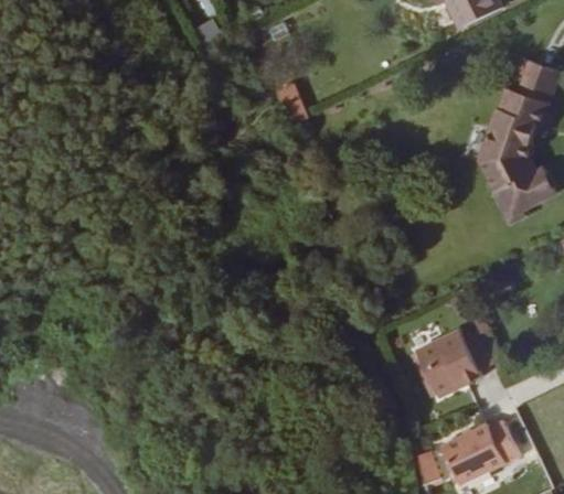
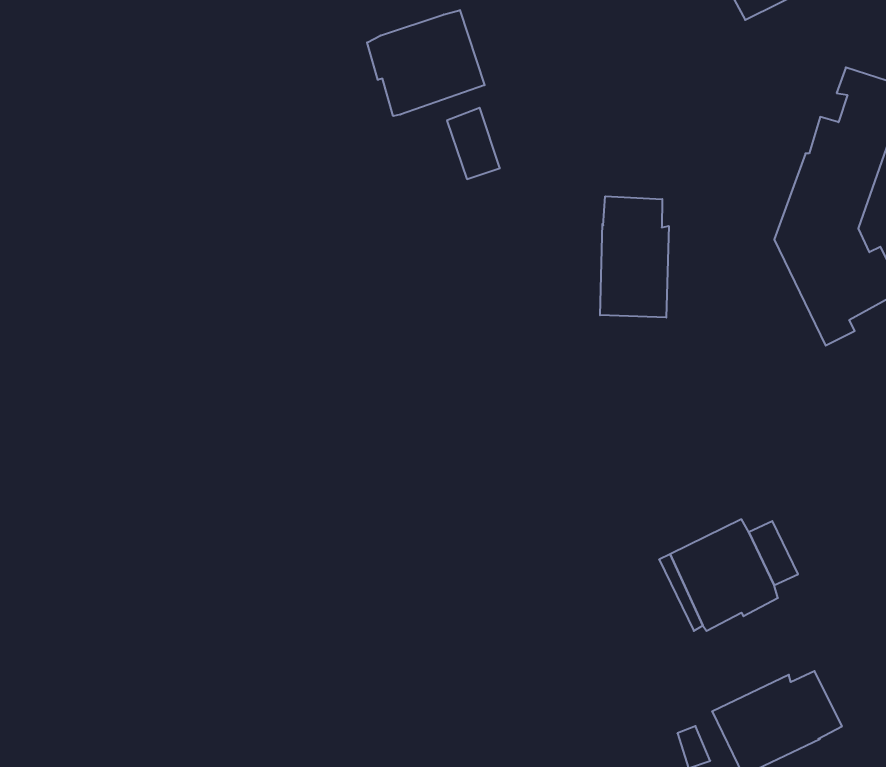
building: none -> [367,10,485,116]
building: none -> [600,196,669,318]

